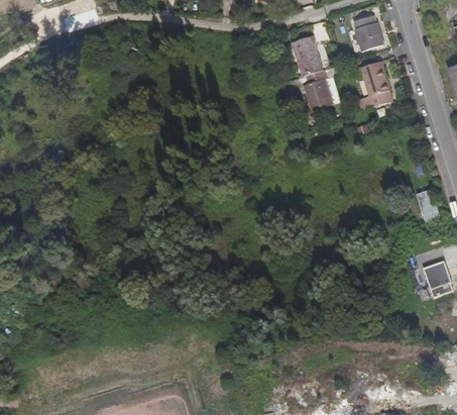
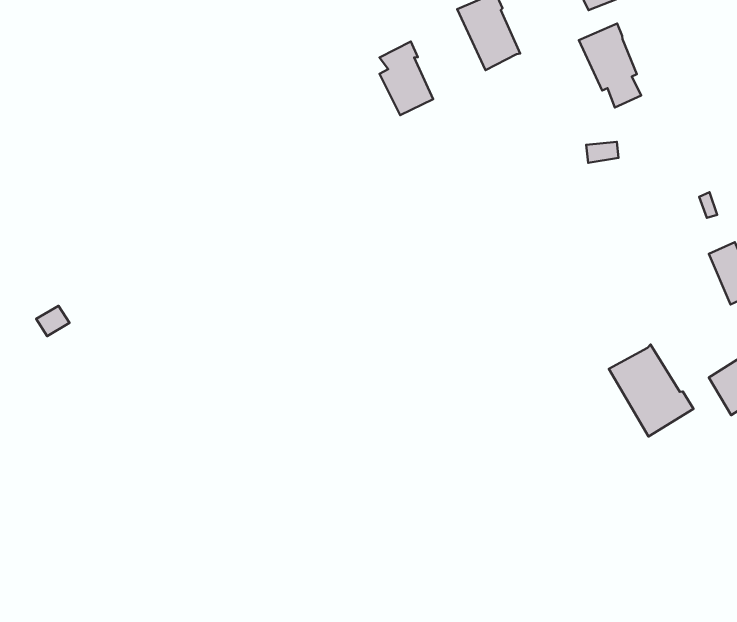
building: [305,71,333,111] -> [379,41,433,115]
building: none -> [609,344,693,436]

